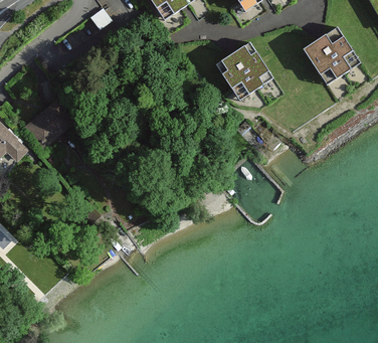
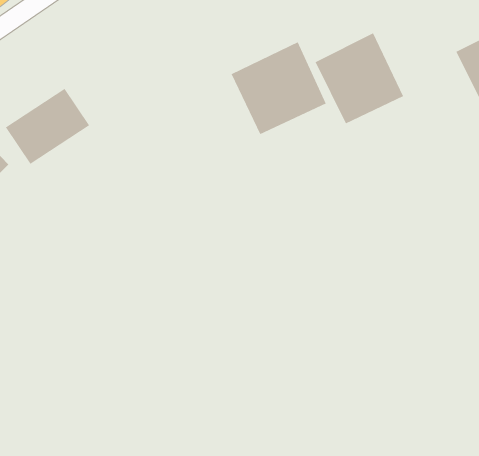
building: none -> [231,41,327,135]

